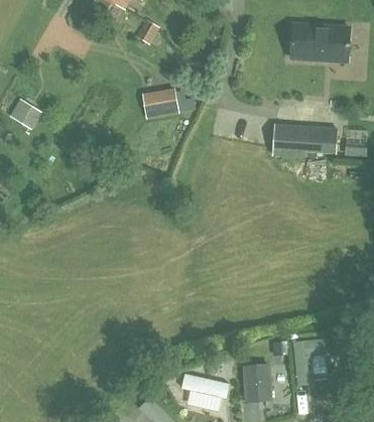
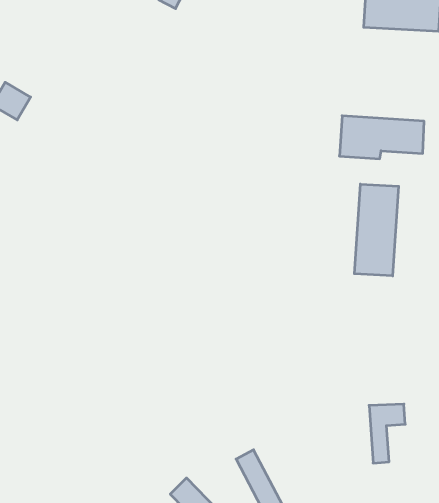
building: [143,92,179,117] -> none
building: none -> [354,184,399,276]
building: [244,367,269,402] -> none

